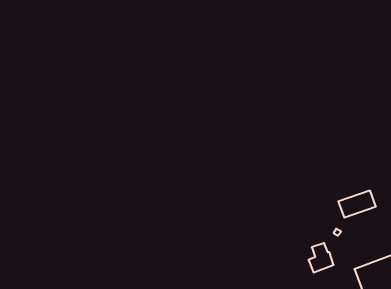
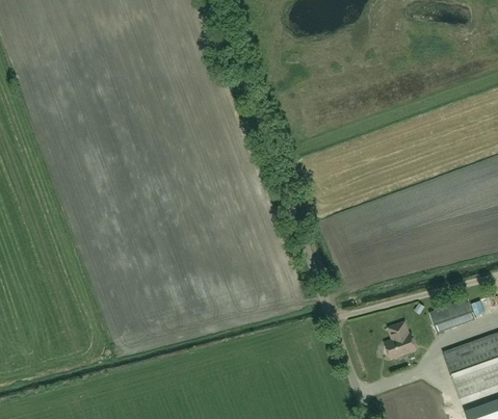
building: [338,191,376,217] -> [430,298,477,332]

